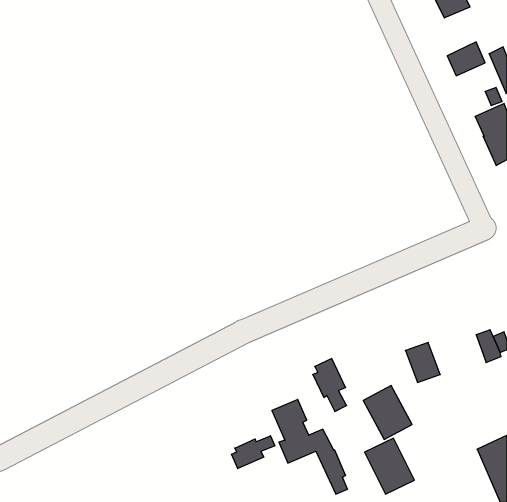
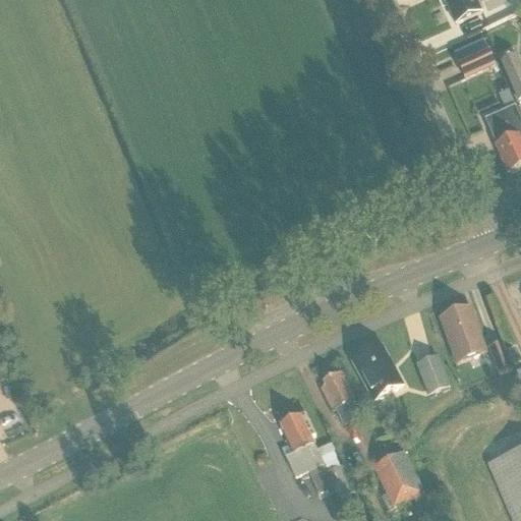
building: none -> [439,305,484,358]
building: [363,386,412,439] -> [351,341,401,396]
building: [231,436,275,469] -> none

